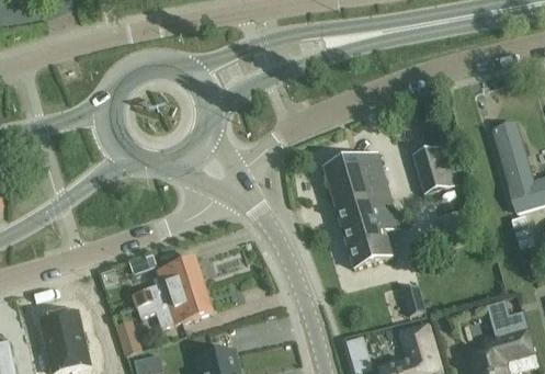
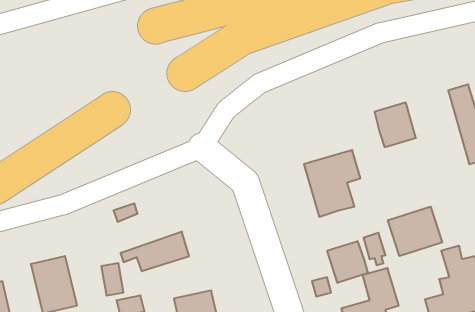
building: [322,149,388,209] -> none
building: none -> [388,207,442,256]
building: [132,257,203,306] -> none
building: none -> [327,241,368,283]

